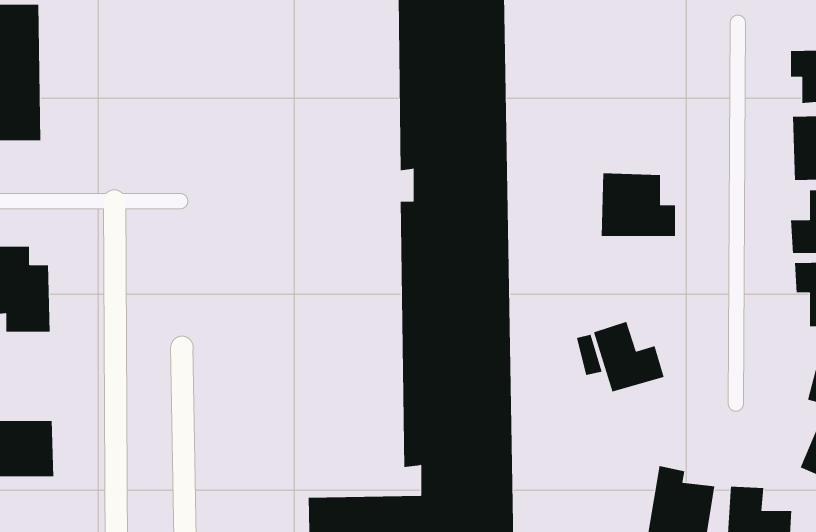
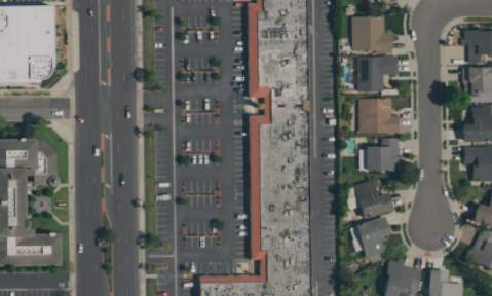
building: none -> [351,15,392,52]
building: none -> [358,55,398,91]
building: none -> [359,138,403,171]
building: none -> [350,217,389,257]

